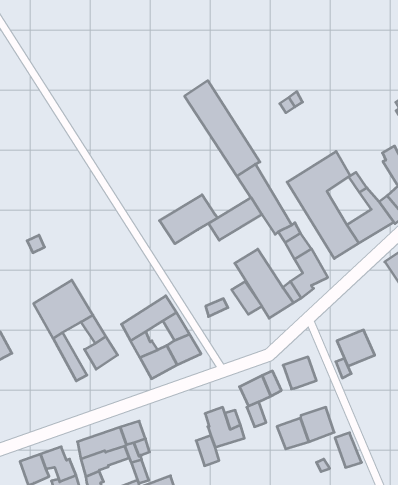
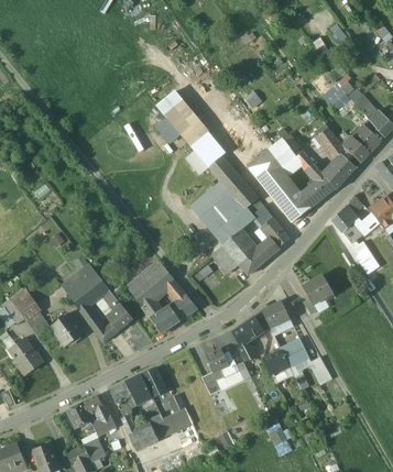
building: [159,195,218,244] -> [200,194,245,234]
building: none -> [50,312,83,345]

